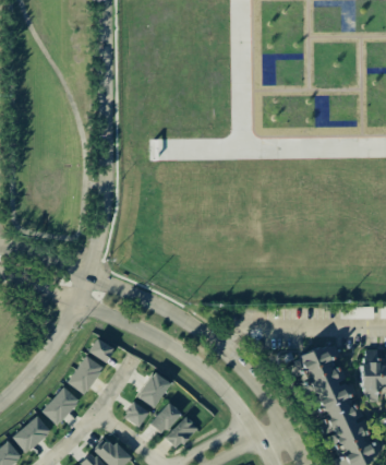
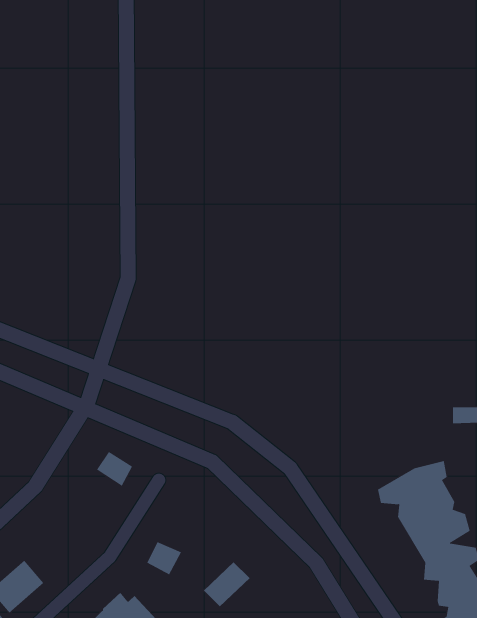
building: [68,356,102,395] -> none
building: [136,371,171,408] -> none
building: [41,388,80,426] -> none
building: [150,403,181,434] -> none

